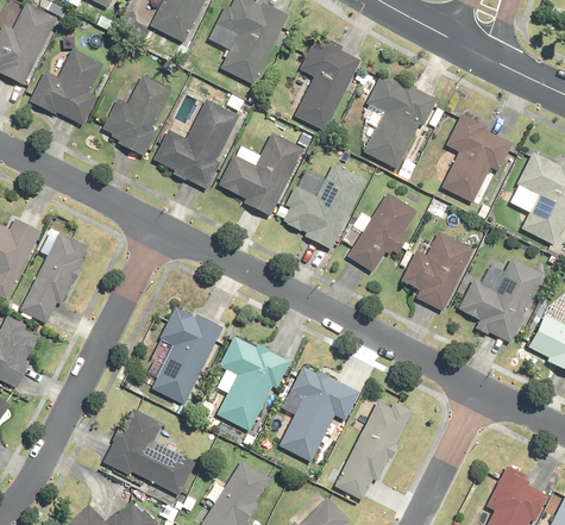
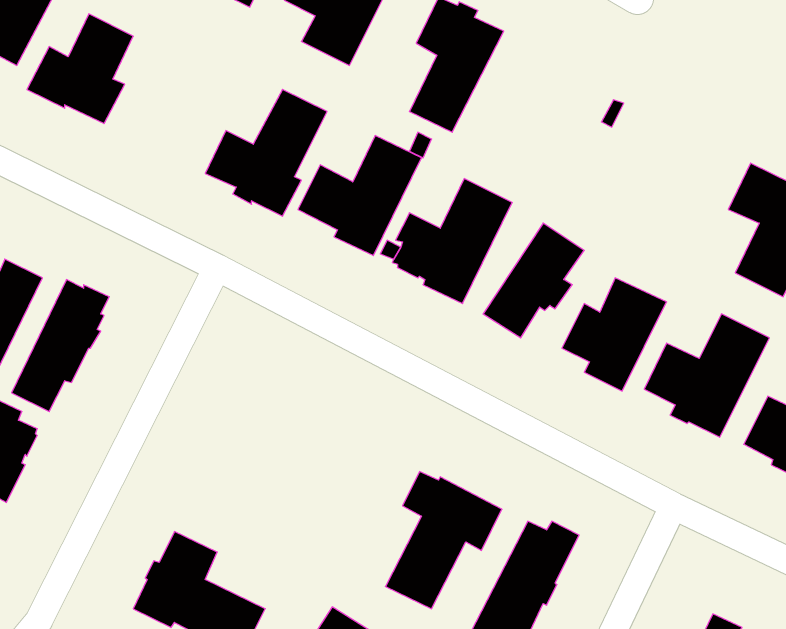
building: [363,73,437,168] -> none
building: [102,75,172,156] -> none
building: [442,113,513,202] -> none
building: [151,307,224,406] -> none
building: [218,337,289,431] -> none

